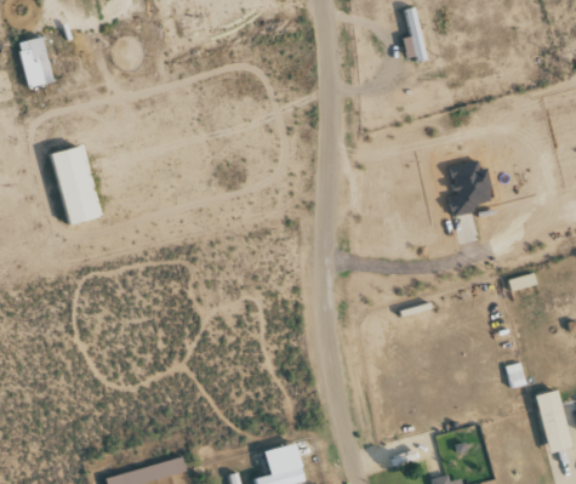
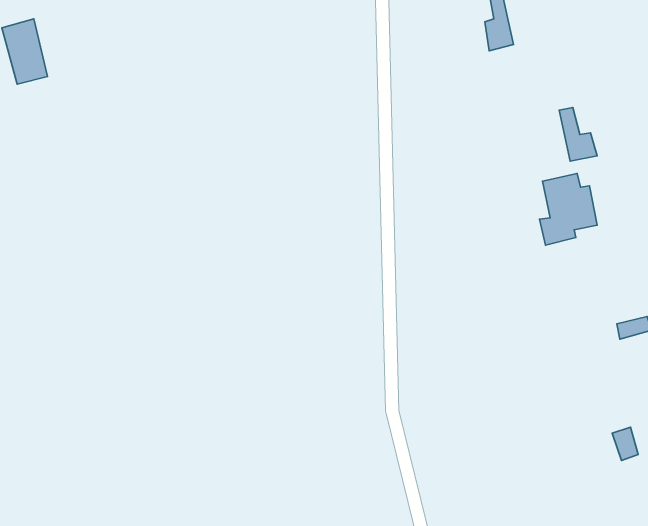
building: none -> [559,108,597,161]
building: [52,144,99,224] -> none

